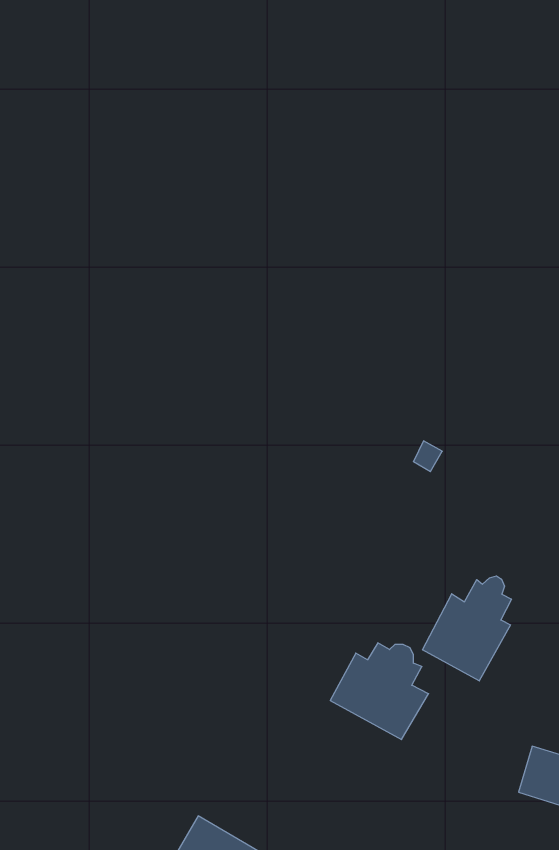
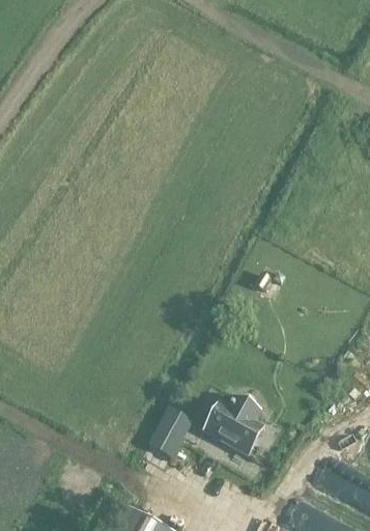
building: [423,576,511,681] -> none
building: none -> [148,406,193,457]

